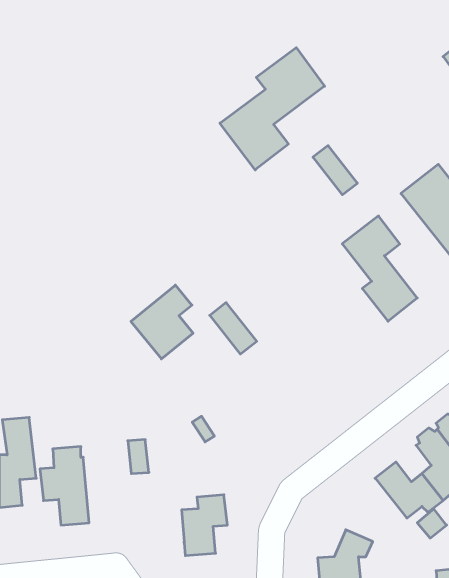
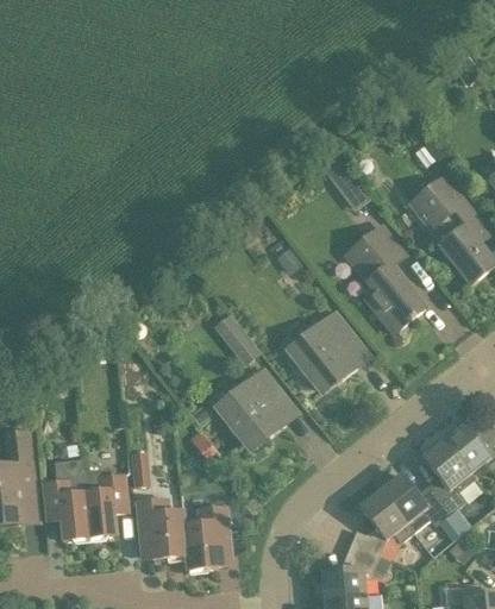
building: [220,48,325,170] -> none
building: [131,285,193,359] -> [219,371,282,446]
building: none -> [289,313,355,389]
building: none -> [84,469,129,536]
building: none -> [351,491,413,560]
building: none -> [134,498,187,560]

